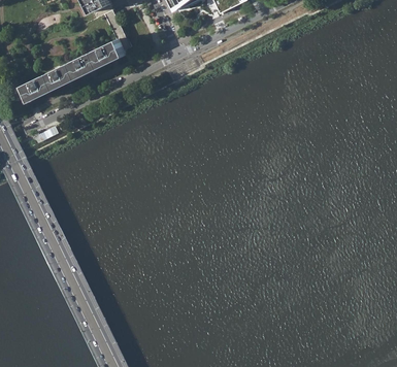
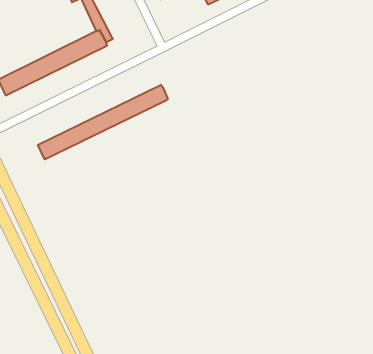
building: none -> [38,85,168,159]

